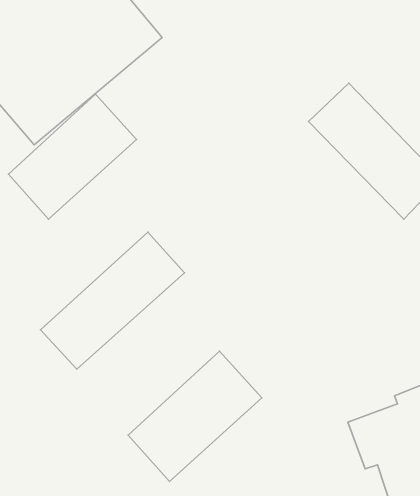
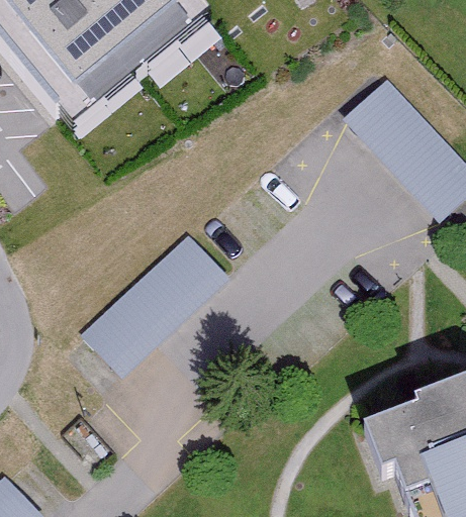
building: [8,94,136,219] -> none
building: [128,351,262,481] -> none

